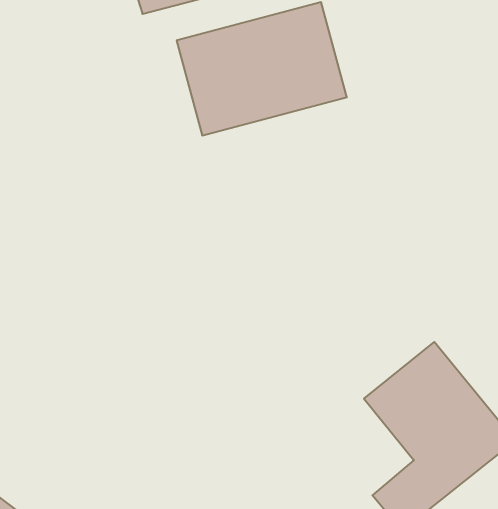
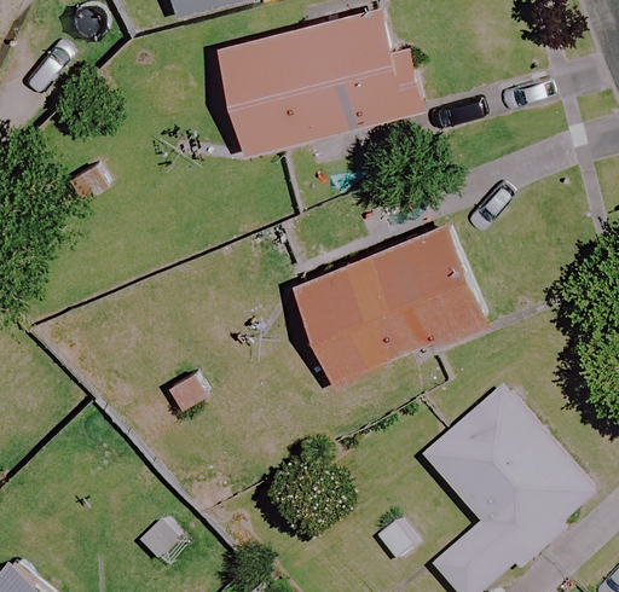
building: none -> [290,221,486,390]

